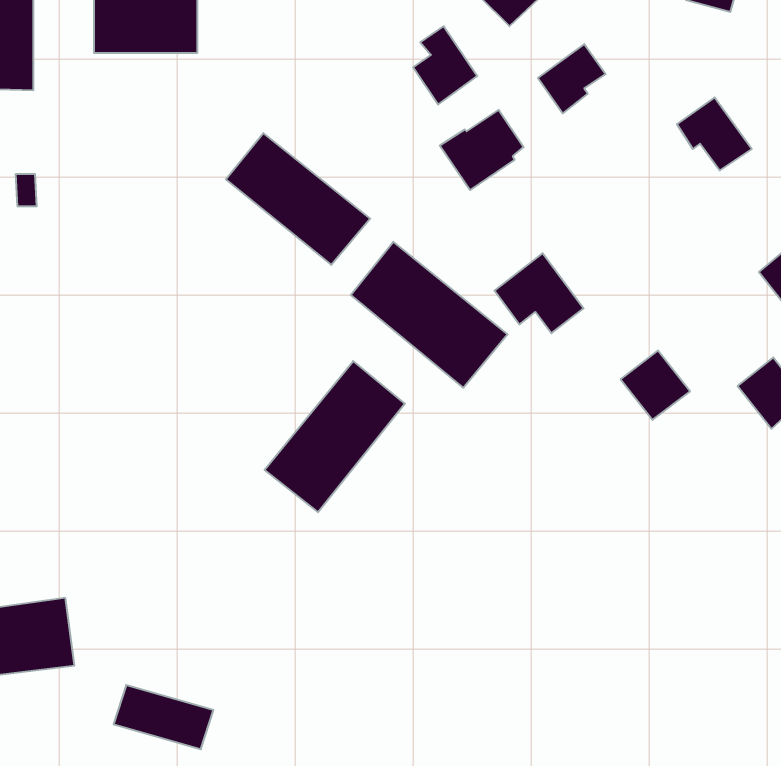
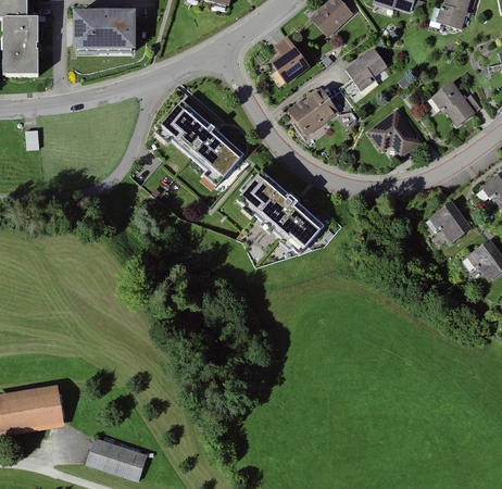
building: [494,253,584,333] -> [366,108,421,156]
building: [621,351,690,420] -> [428,200,470,242]
building: [265,361,405,512] -> none

